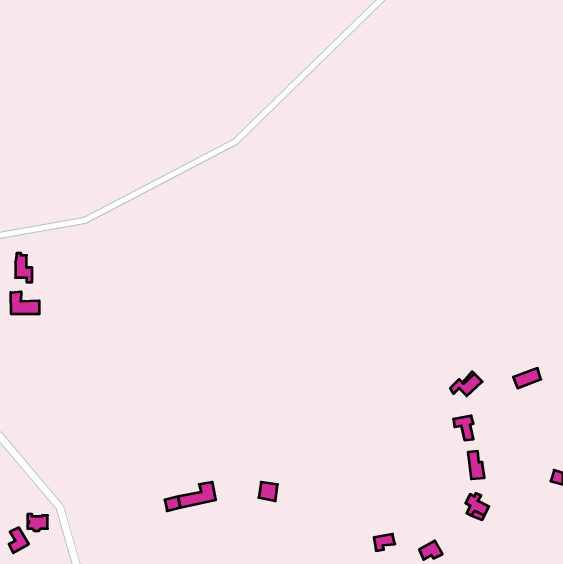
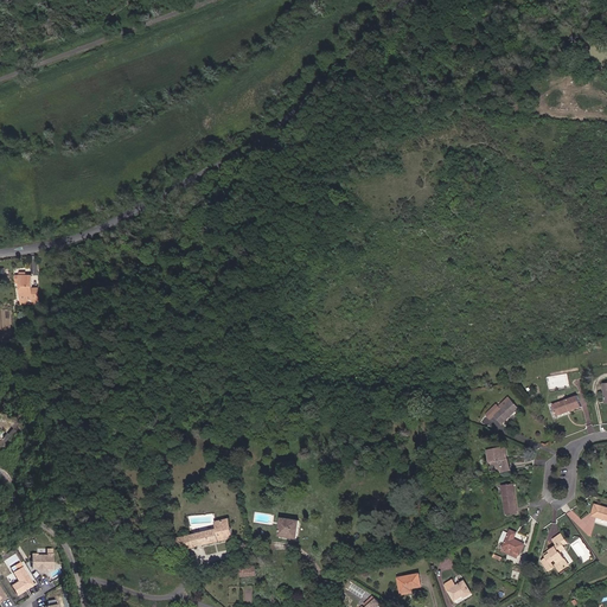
building: [11,292,39,314] -> none
building: none -> [541,533,568,573]

